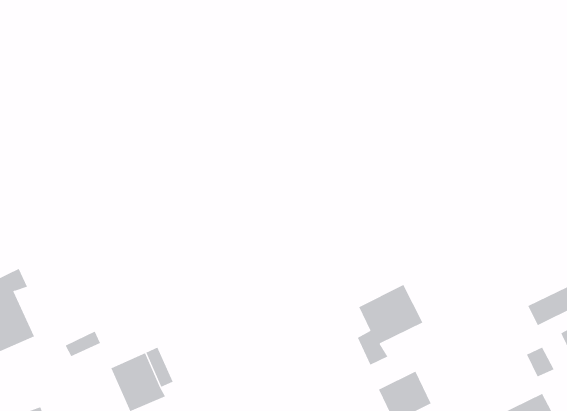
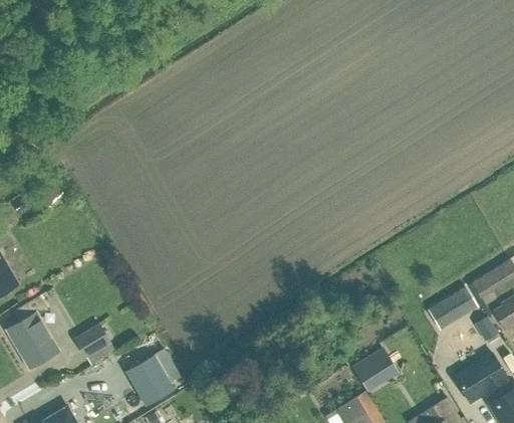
building: [357,284,423,365] -> none
building: none -> [428,284,478,329]
building: none -> [75,324,109,356]

